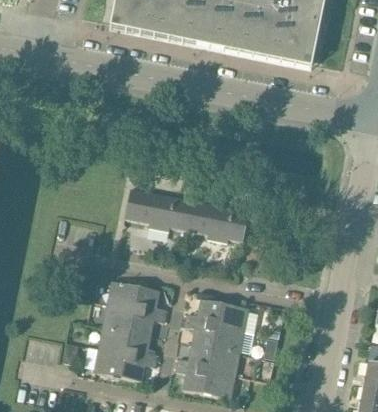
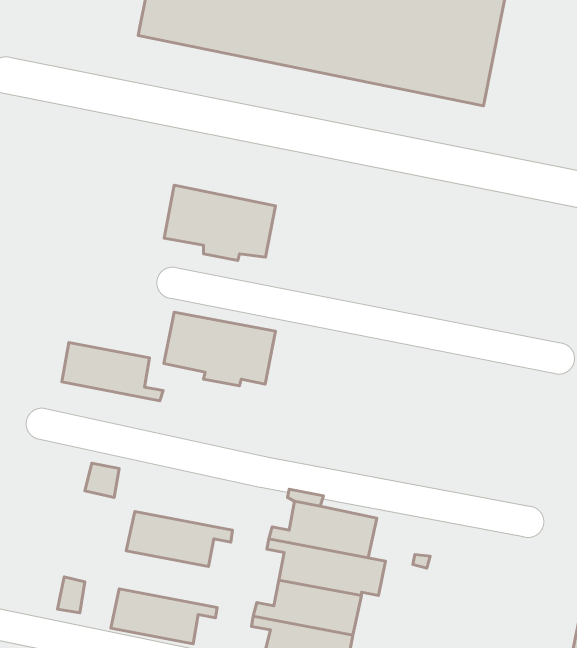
building: [184,198,249,242] -> [164,185,276,261]
building: [108,280,167,314] -> [62,342,163,401]
building: [99,326,158,359] -> none

